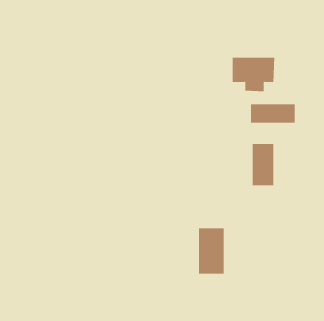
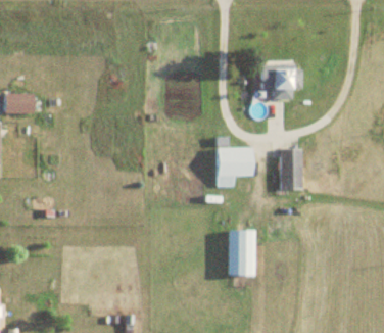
building: [251,103,295,124] -> none
building: none -> [217,148,252,176]

